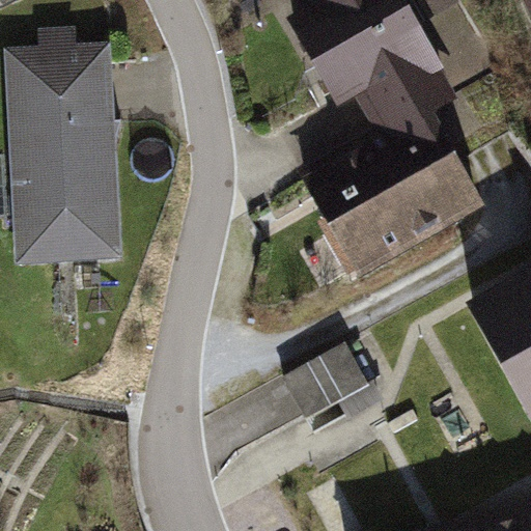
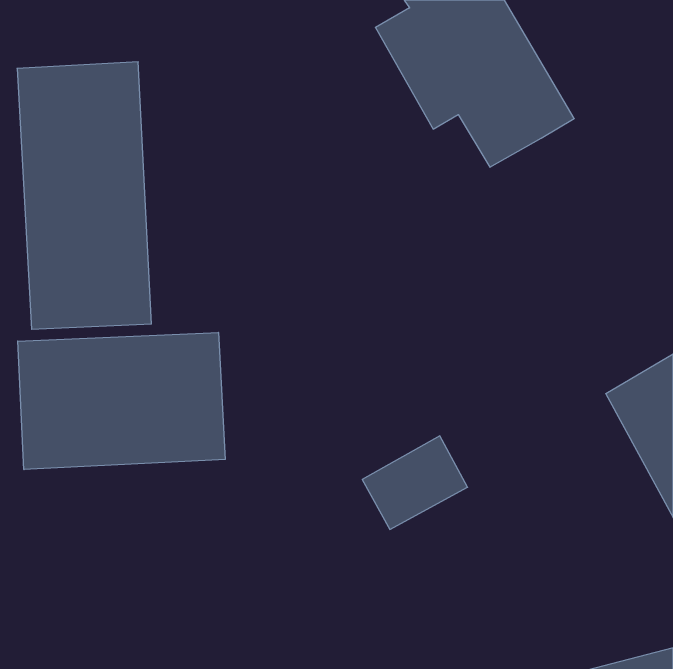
building: [309,112,481,275] -> none
building: none -> [18,332,225,470]

